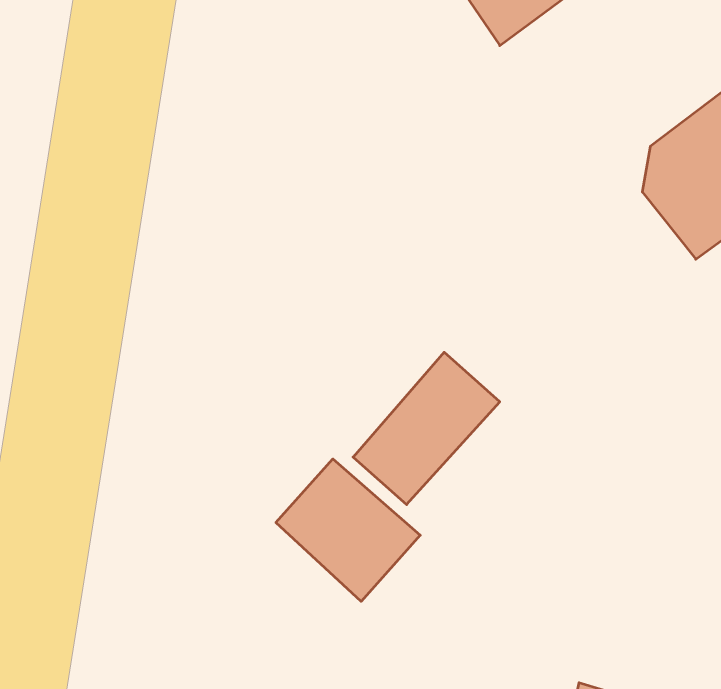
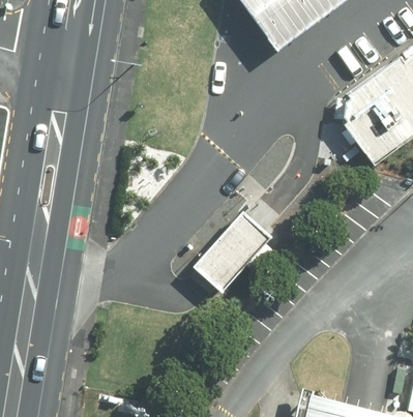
building: [276,459,420,601] -> none

